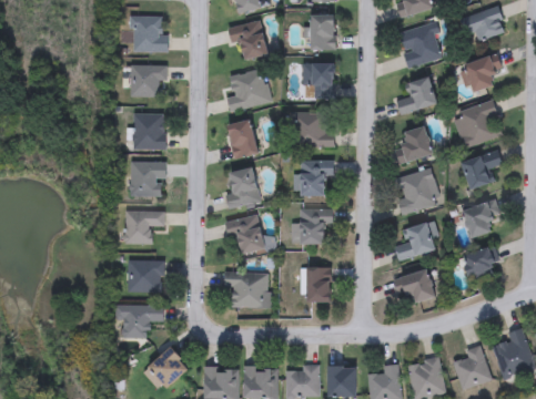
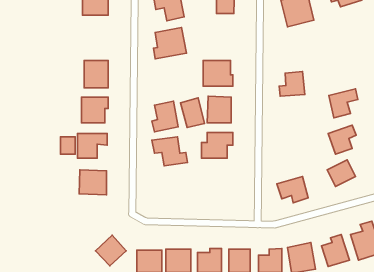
building: [459,54,499,94] -> none
building: [303,63,333,98] -> none
building: [130,65,165,96] -> none
building: [395,76,436,115] -> none
building: [456,100,502,146] -> none
building: [226,119,259,158] -> [181,98,205,128]
building: [393,170,435,214] -> none
building: none -> [61,137,75,154]
building: [394,224,433,256] -> none
building: [300,267,330,301] -> none
building: [222,272,269,308] -> none
building: [117,305,162,338] -> none

